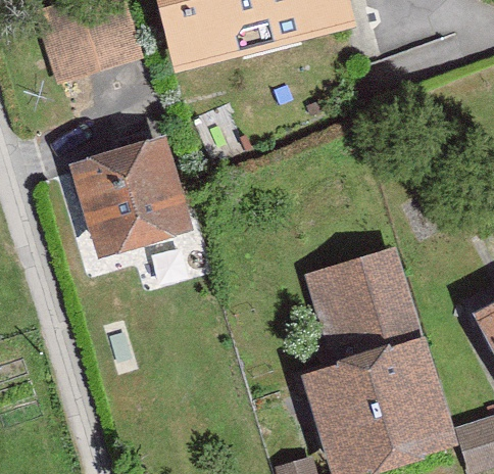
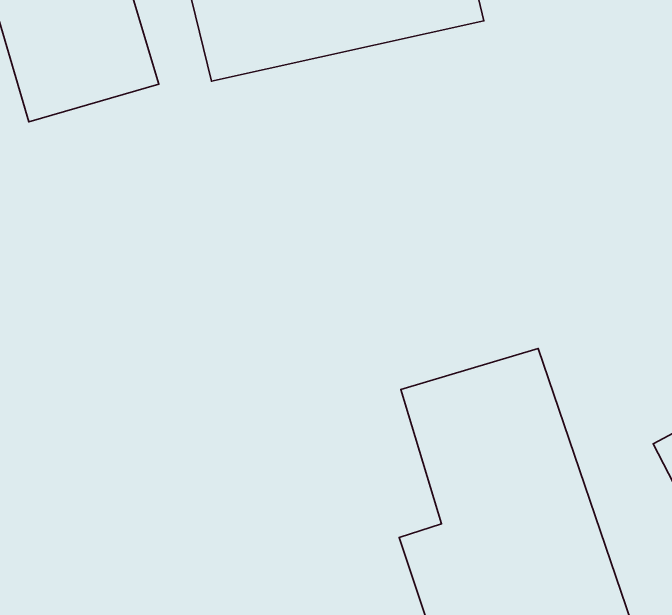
building: [69,135,192,262] -> none

